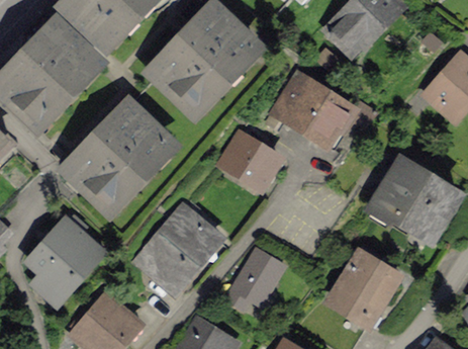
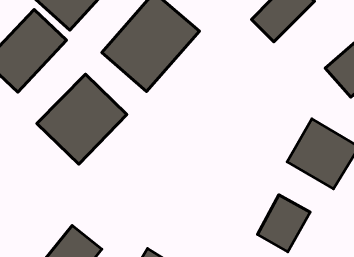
building: [269,75,357,154] -> none
building: [219,126,280,187] -> none
building: [137,202,223,289] -> none
building: [33,216,107,295] -> none
building: [225,243,285,311] -> none

